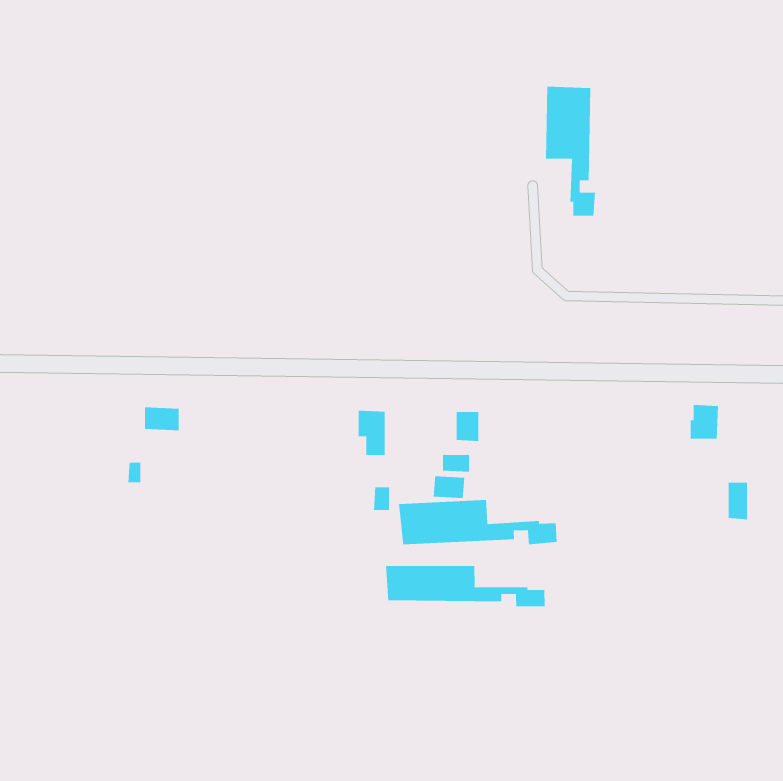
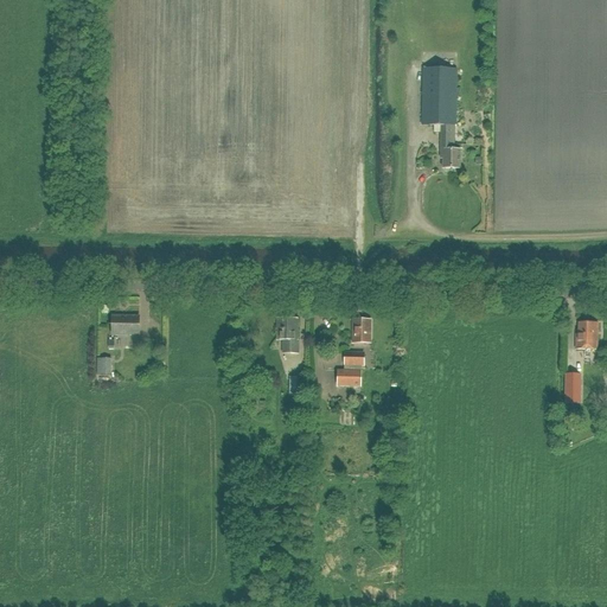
building: [690,404,719,439] -> [576,320,599,347]
building: [398,499,558,545] -> none
building: [385,565,545,607] -> none

